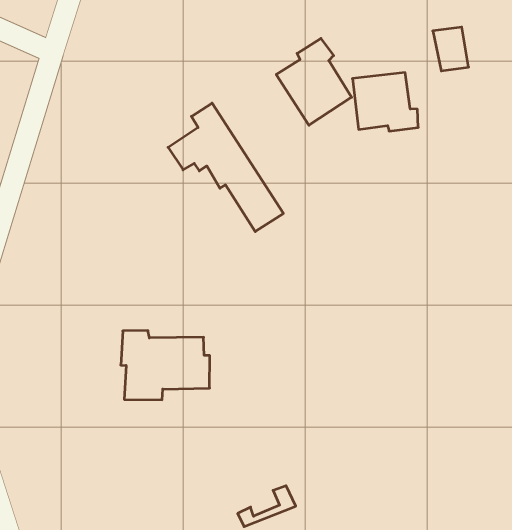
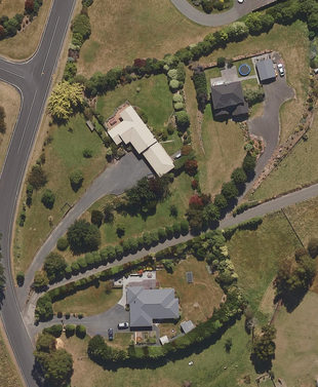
building: [276,38,352,125] -> none
building: [121,331,210,400] -> [126,285,177,325]

